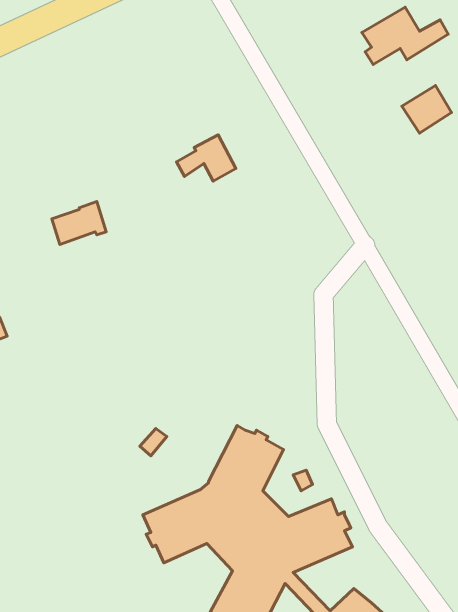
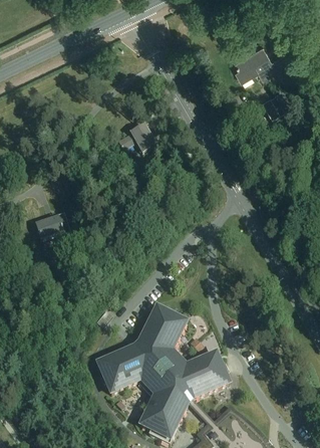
building: [52,201,106,244] -> [35,212,69,239]

